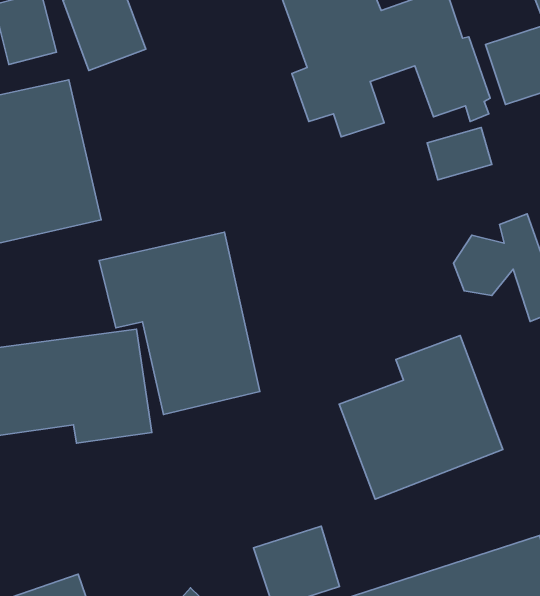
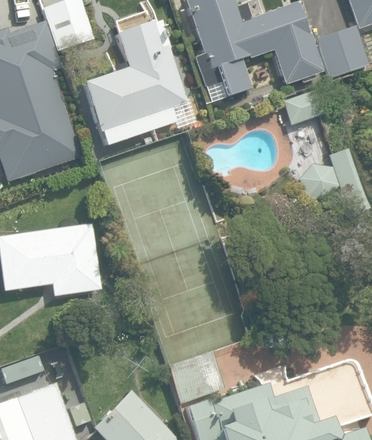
building: none -> [84,21,188,144]
building: [99,232,260,414] -> none
building: [339,335,503,499] -> none

